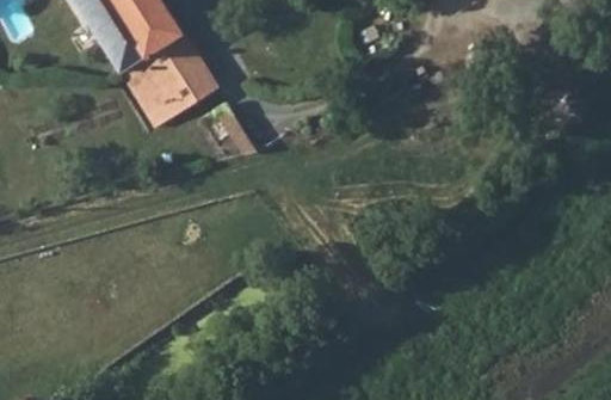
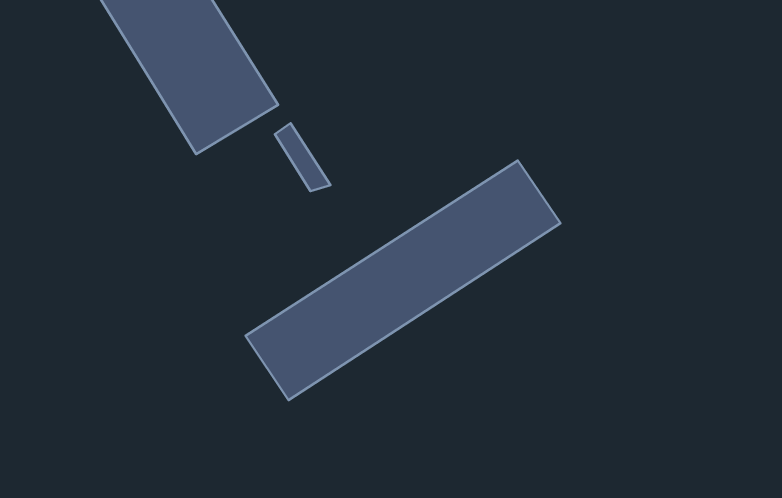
building: none -> [245,160,561,400]

